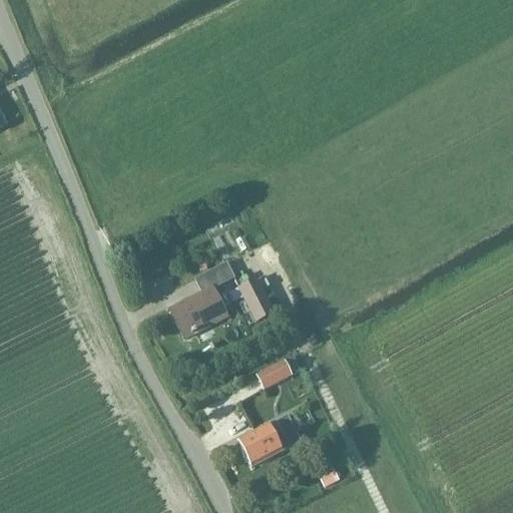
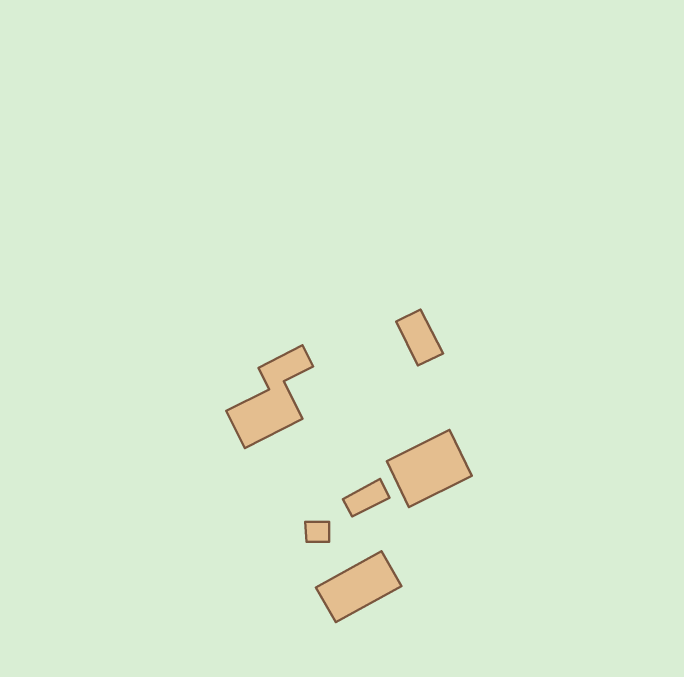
building: [238,277,274,319] -> [396,309,443,366]
building: none -> [387,430,472,507]

